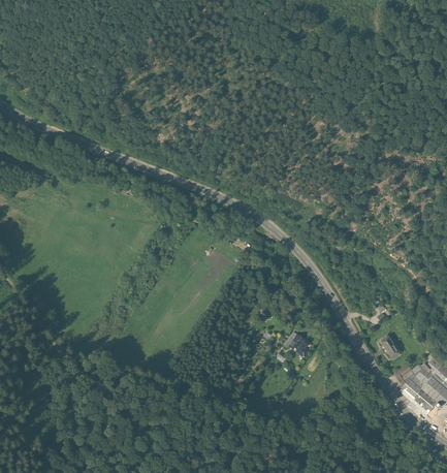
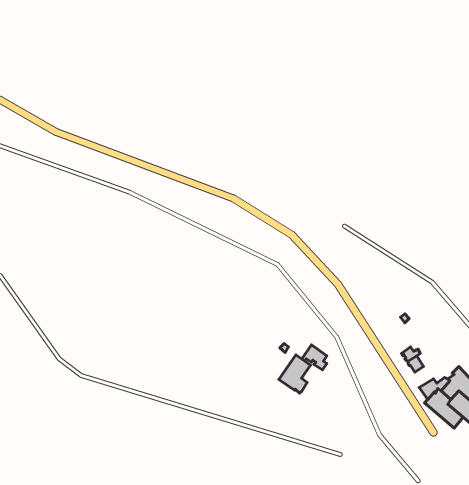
building: none -> [279,355,311,393]

